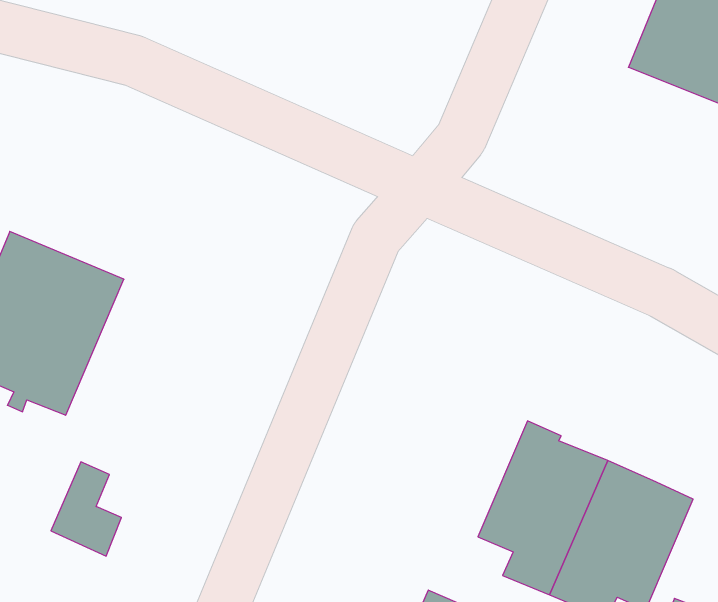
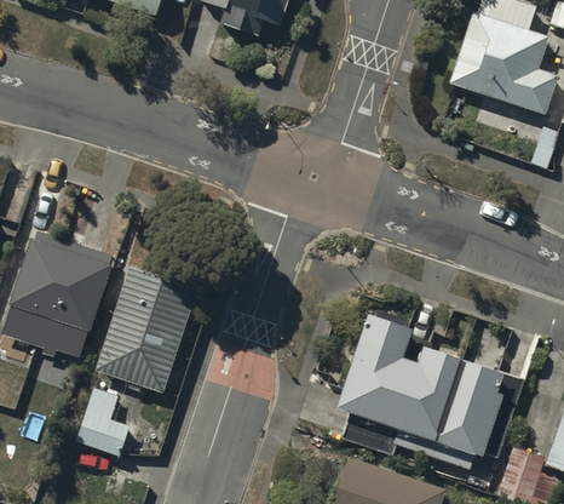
building: none -> [96,267,200,389]
building: none -> [341,316,407,454]

